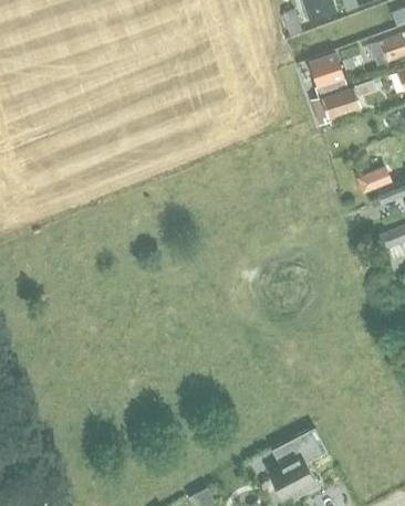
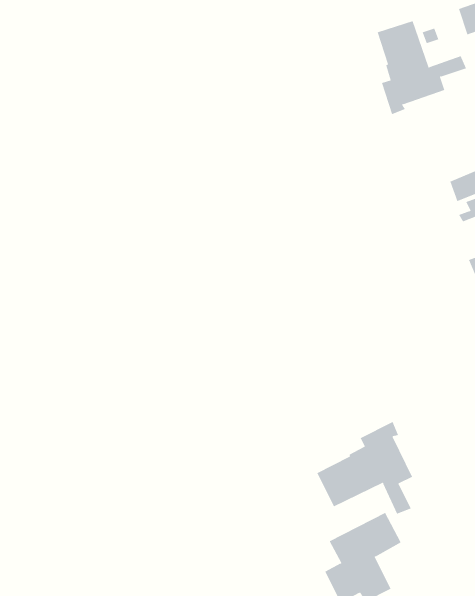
building: none -> [316,421,413,515]

